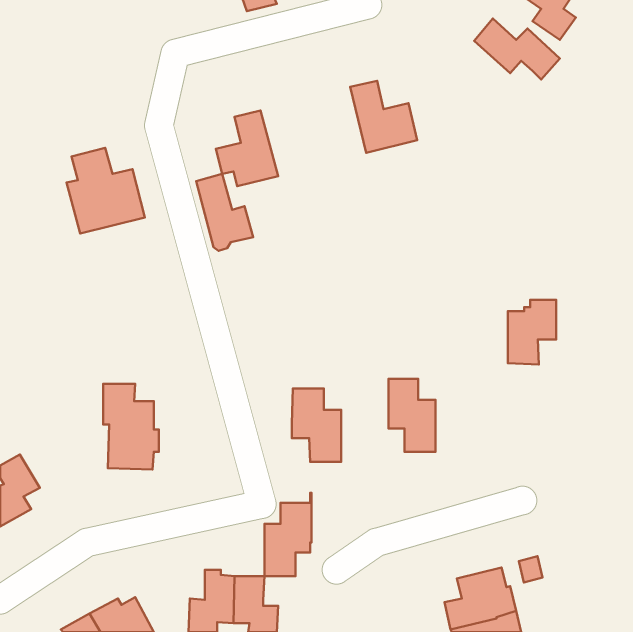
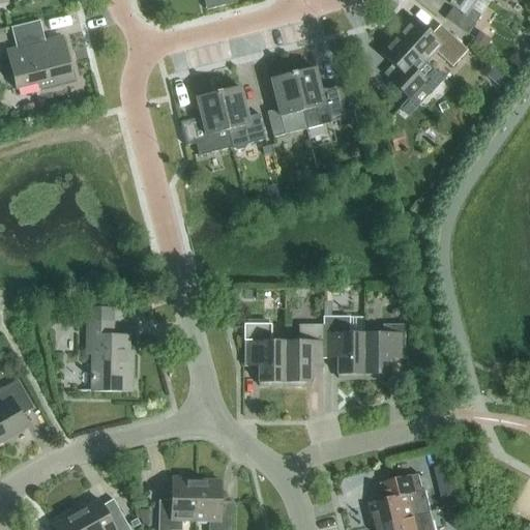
building: none -> [380,34,444,97]
building: none -> [267,72,306,137]
building: [67,148,145,234] -> [7,20,72,91]
building: [196,174,253,251] -> [218,86,266,150]
building: [508,300,556,364] -> [364,324,405,378]
building: [264,493,312,576] -> [286,316,325,385]

